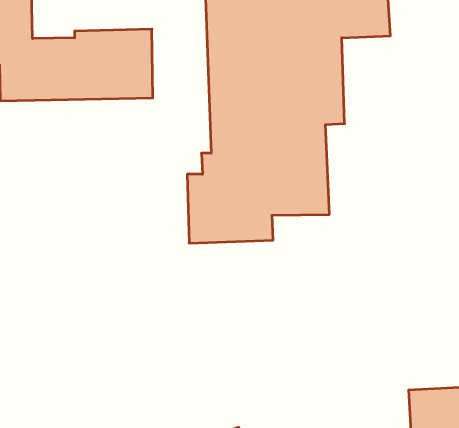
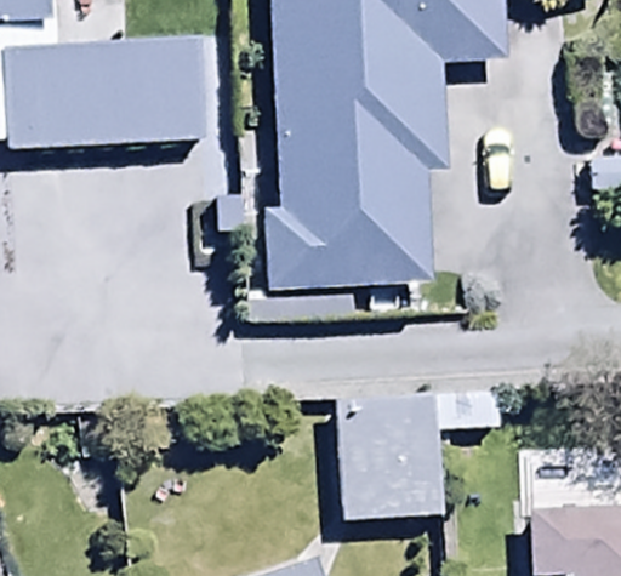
building: none -> [338,392,498,520]

